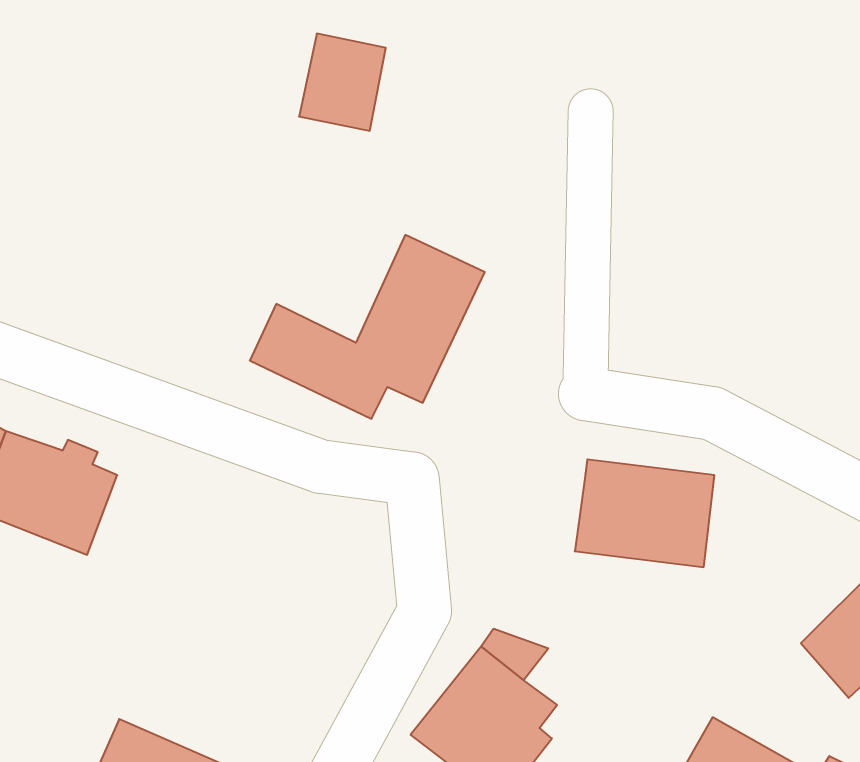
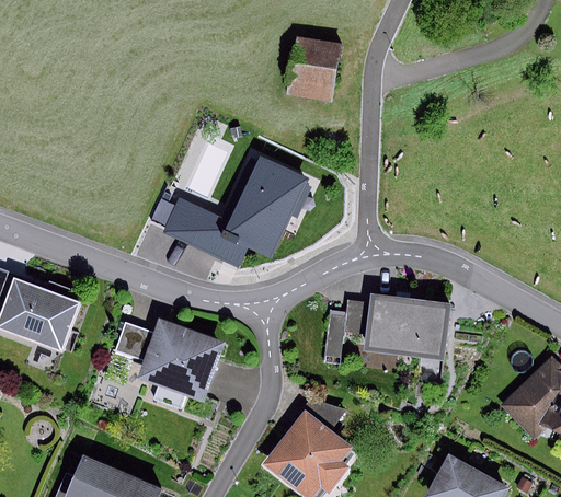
building: [299,34,386,131] -> [287,39,341,100]
building: none -> [324,299,370,358]
building: none -> [114,320,224,403]

